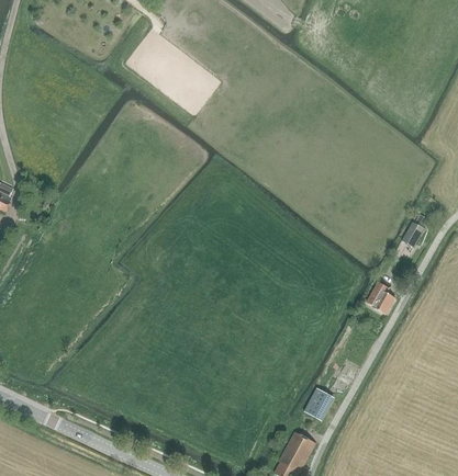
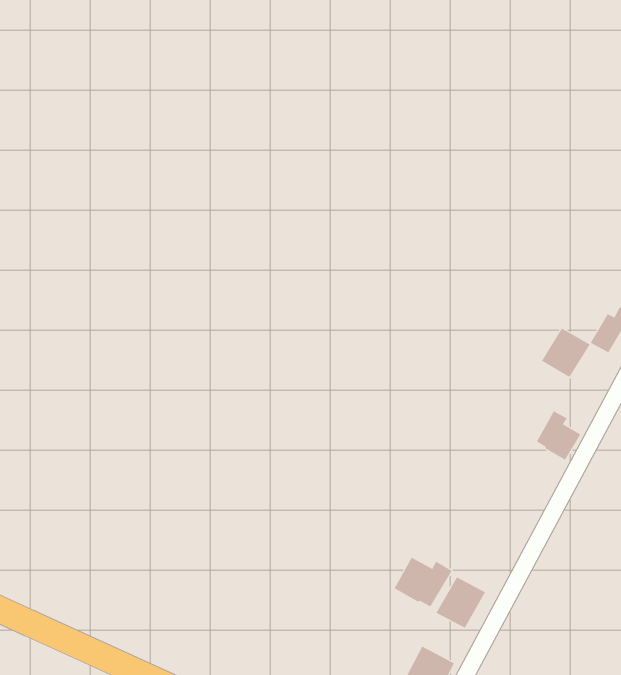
building: none -> [541,327,590,378]
building: none -> [394,557,452,607]

